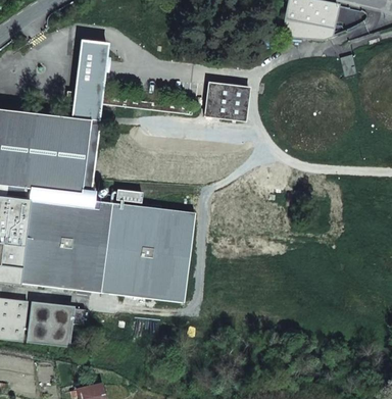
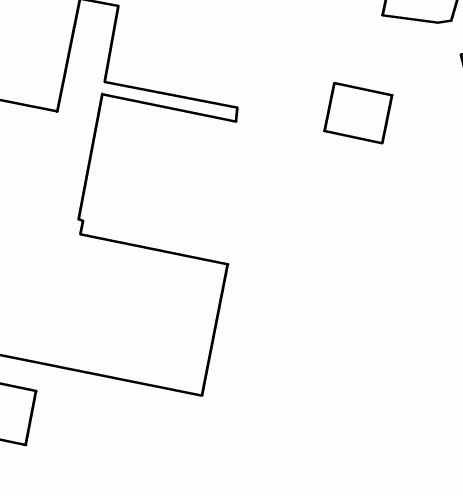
building: [205,82,249,119] -> [324,83,392,143]

